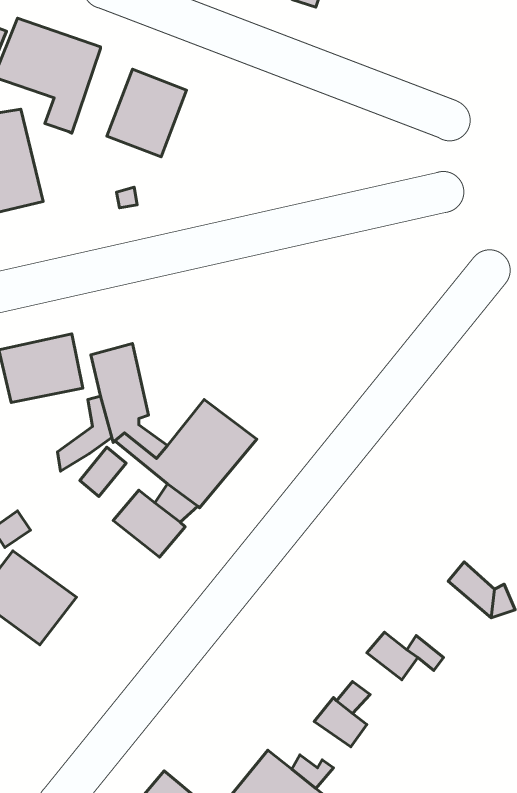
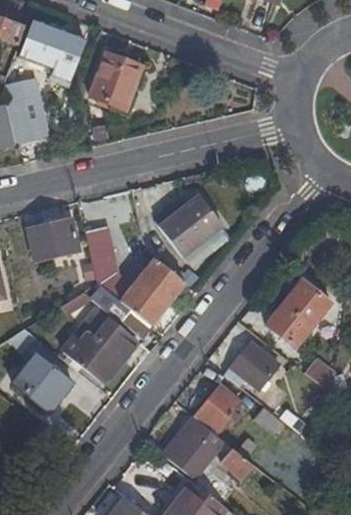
building: none -> [159,194,223,258]
building: none -> [265,280,327,347]
building: none -> [59,331,124,383]
building: none -> [224,339,281,389]
building: none -> [199,384,243,431]
building: none -> [163,423,219,481]

